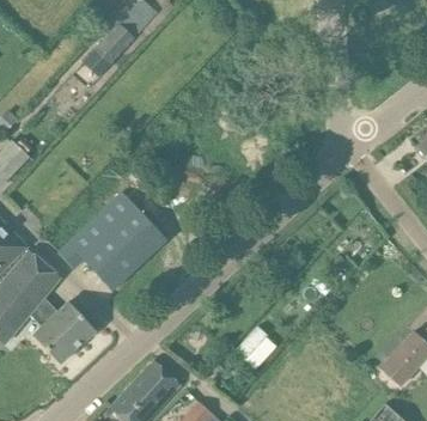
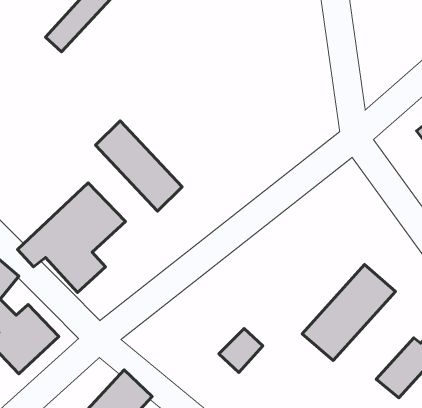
building: none -> [96,121,182,211]
building: none -> [302,264,395,361]

